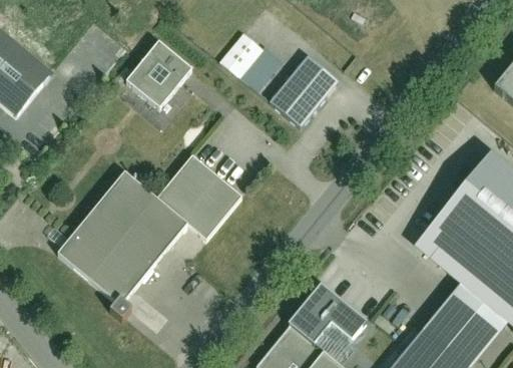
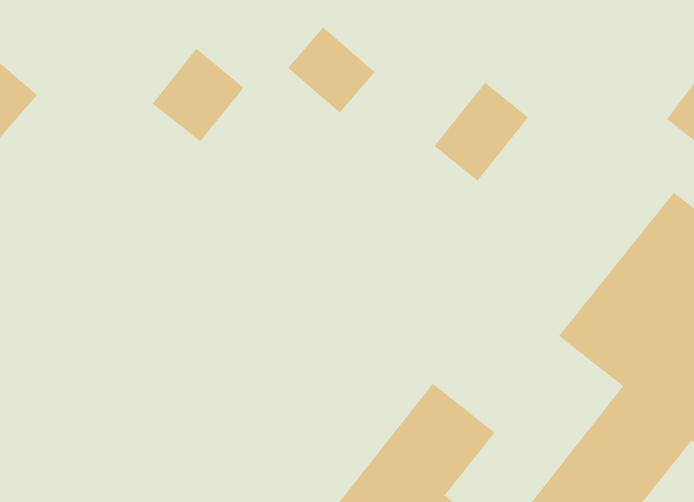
building: [272,60,339,130] -> [434,82,529,182]
building: [55,159,233,321] -> none

